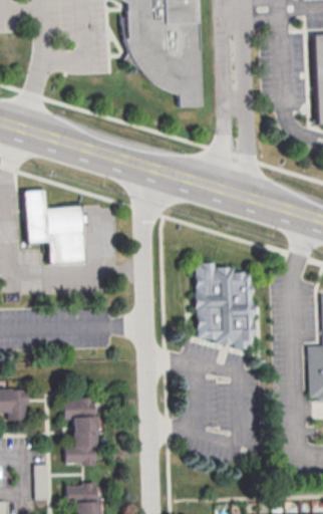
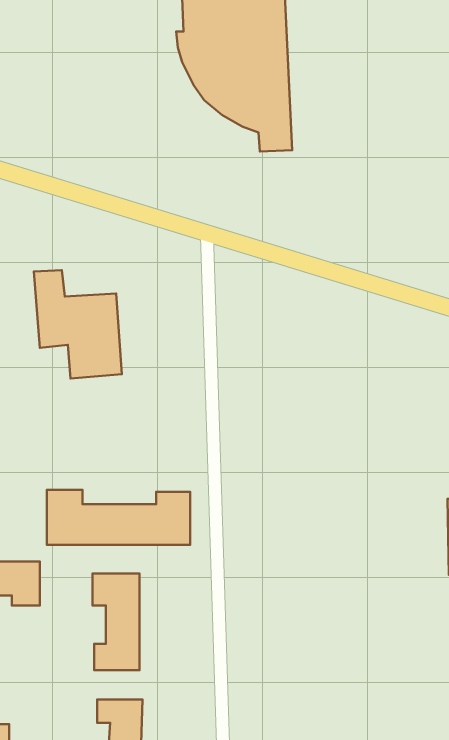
building: [197,263,254,348] -> none
building: none -> [47,490,190,545]
building: [36,465,51,500] -> none

